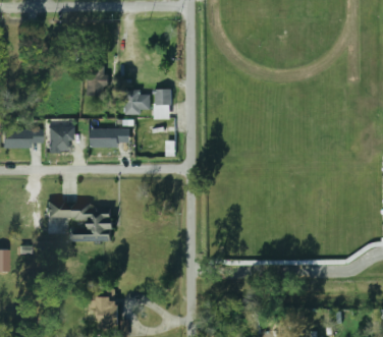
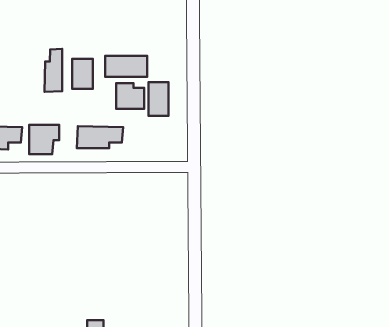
building: none -> [45,49,62,92]
building: none -> [105,56,147,77]
building: [46,203,113,242] -> none

